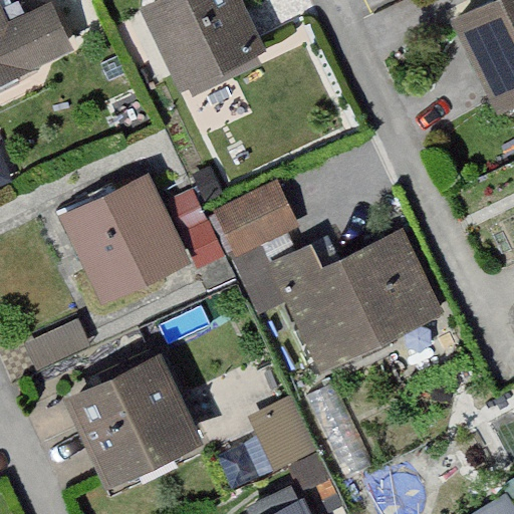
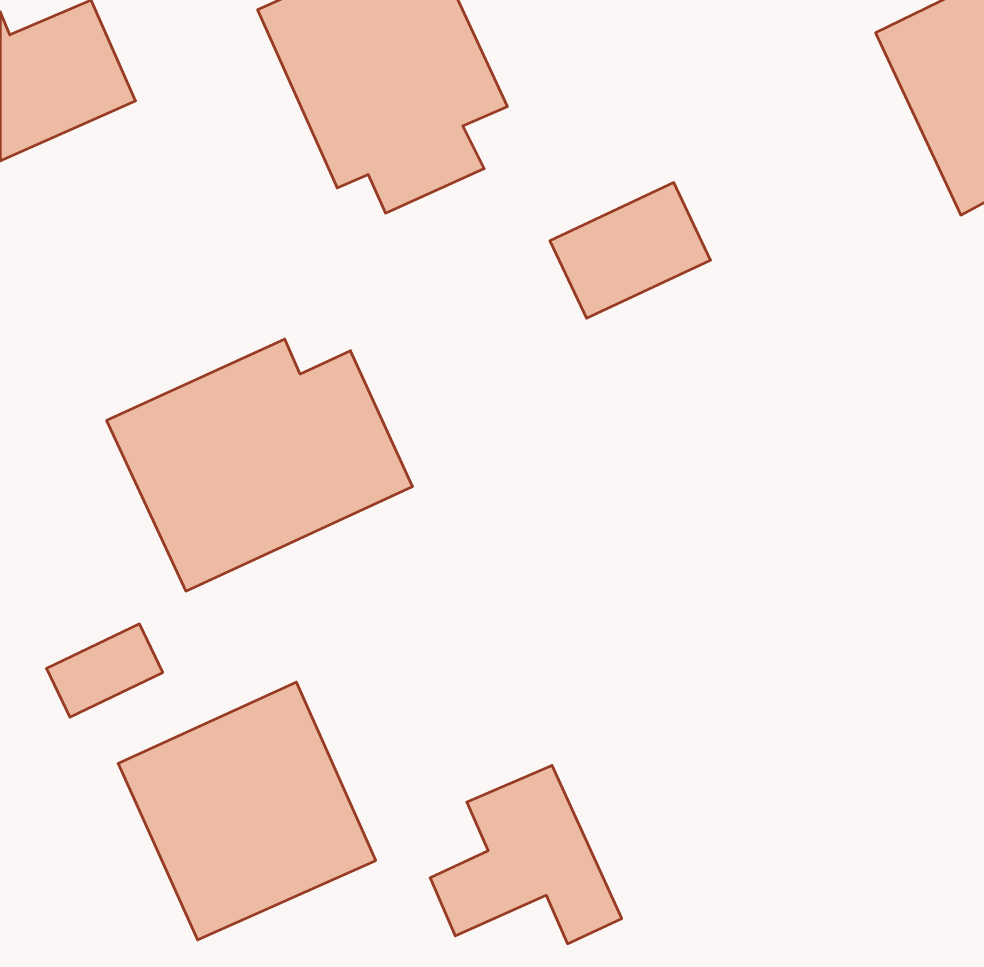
building: [215,184,298,254] -> [550,183,711,318]
building: [270,226,444,370] -> none

